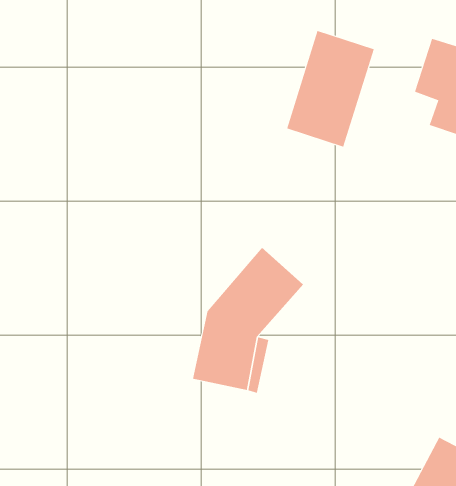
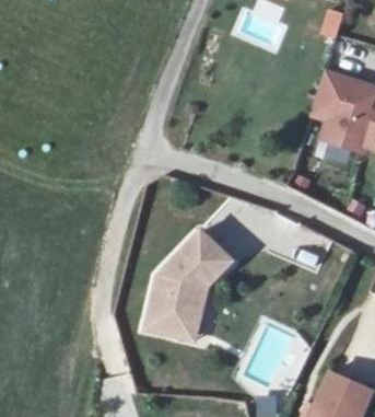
building: [286,30,375,148] -> none

